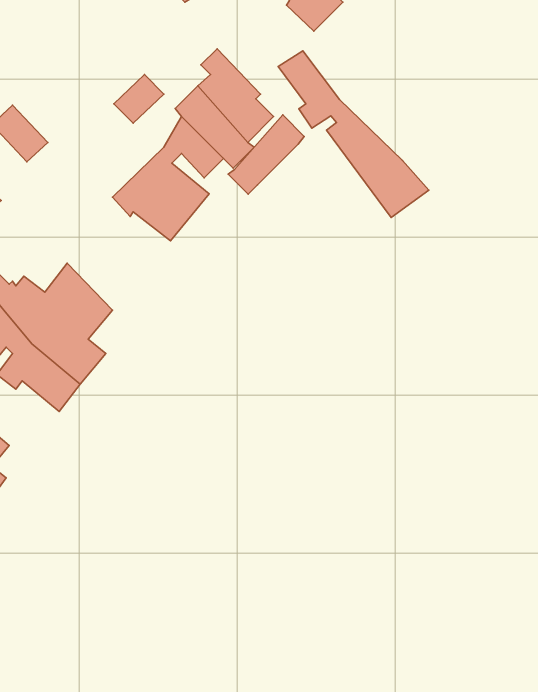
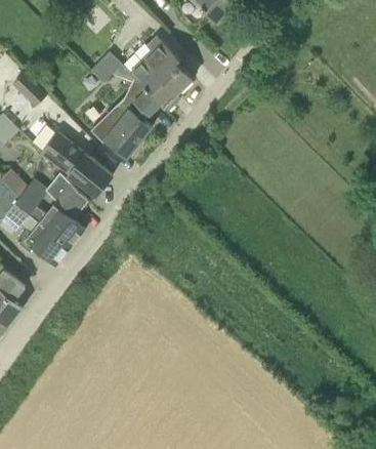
building: [278,51,429,218] -> none
building: [228,115,304,194] -> none
building: none -> [43,131,114,195]

